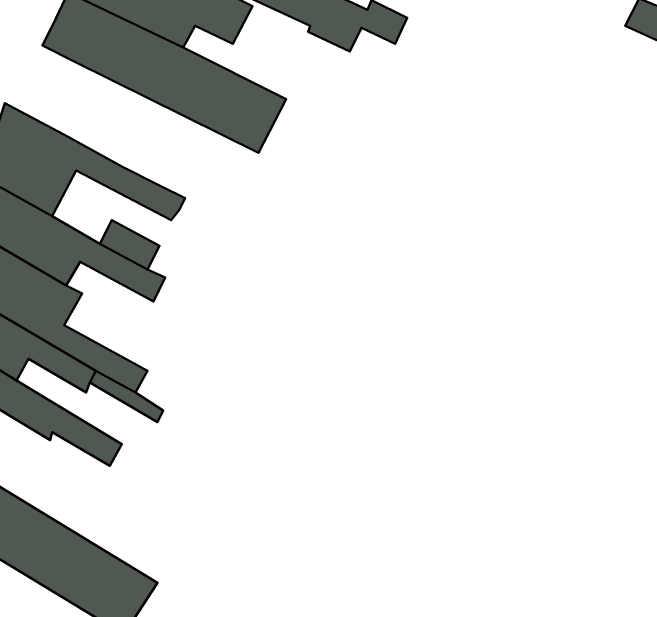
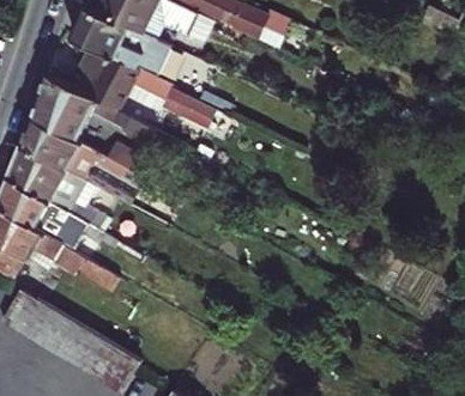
building: none -> [77,47,216,129]

